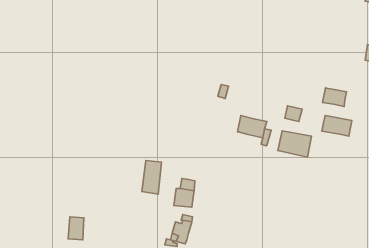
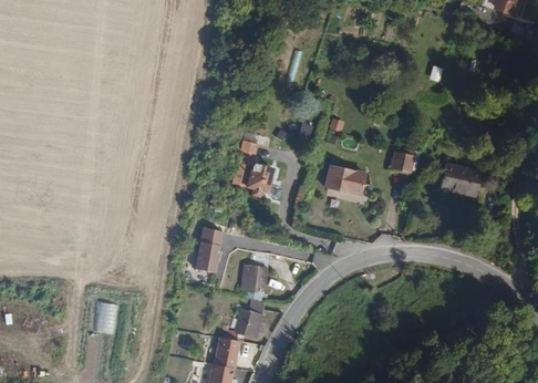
building: [322,88,347,107] -> none
building: none -> [235,141,272,196]
building: [278,131,311,157] -> none

